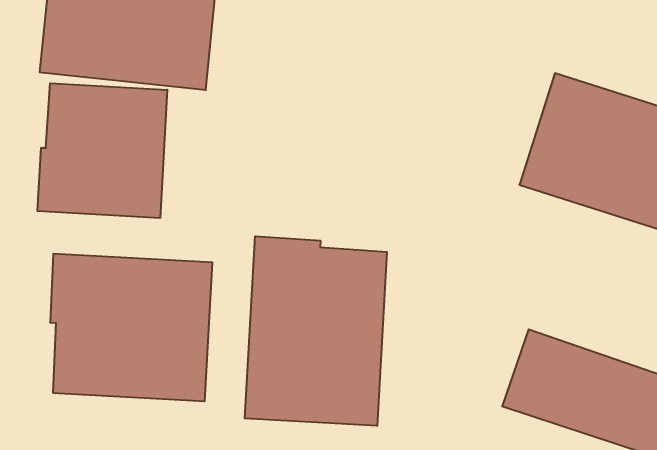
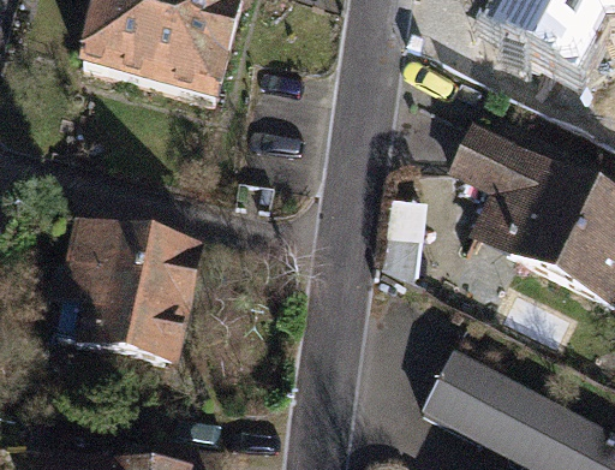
building: [37,83,167,218] -> none
building: [245,236,387,426] -> none

